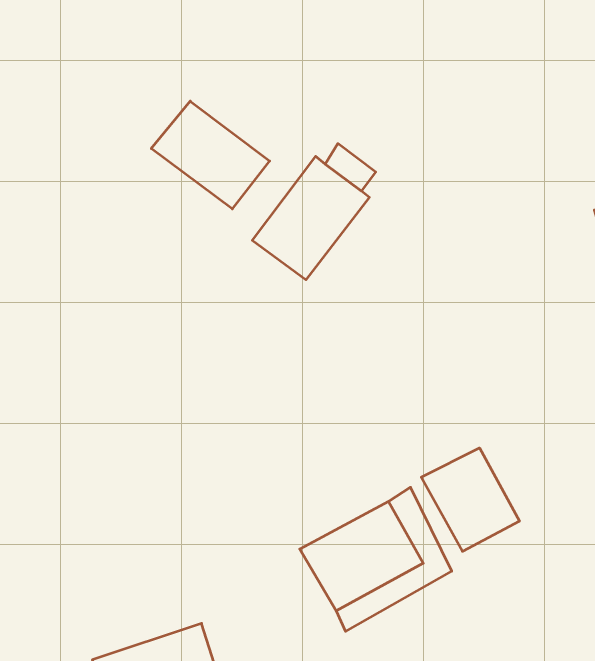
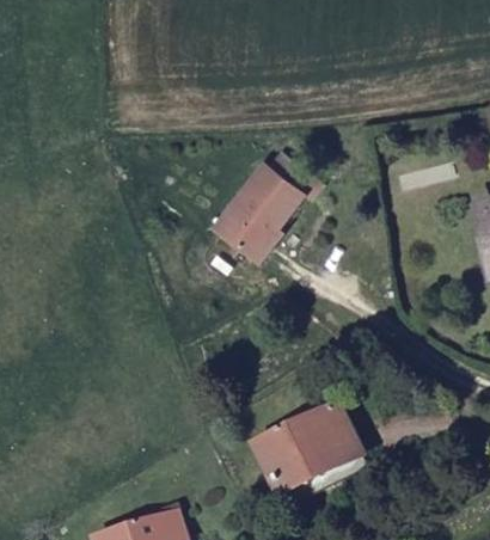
building: [151,101,270,209] -> none
building: [421,448,519,551] -> none

